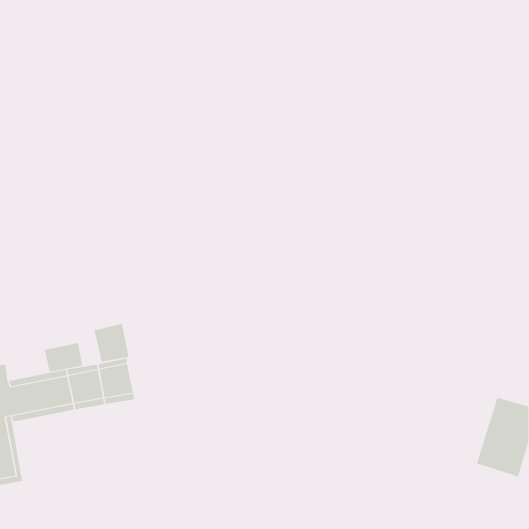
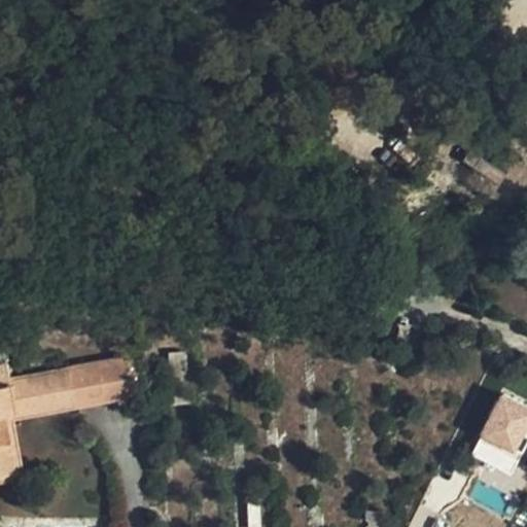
building: [94,323,129,363] -> none
building: [44,342,83,372] -> none

